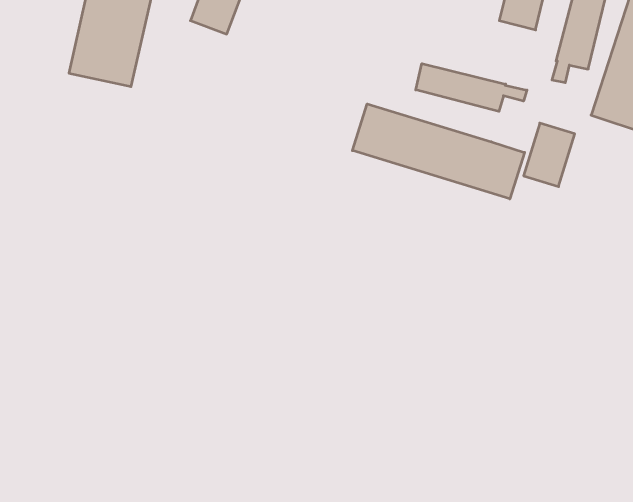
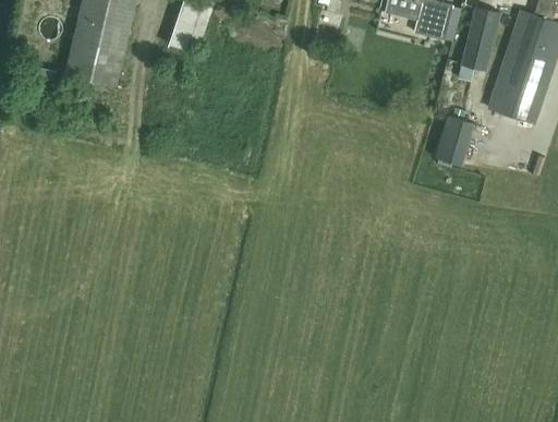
building: [416,64,527,111] -> none
building: [352,104,525,199] -> none

